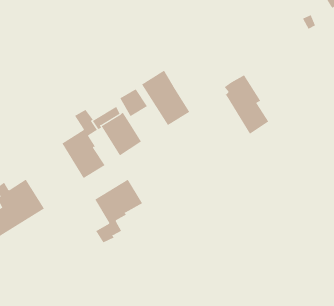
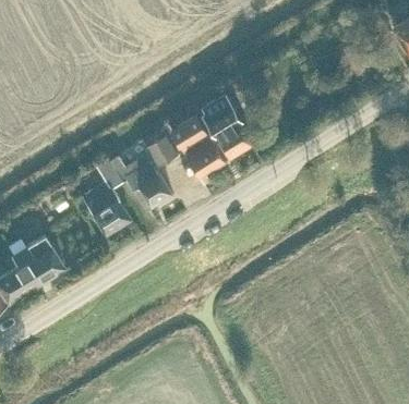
building: [224,74,269,134] -> [201,90,251,157]
building: [95,179,143,243] -> none

